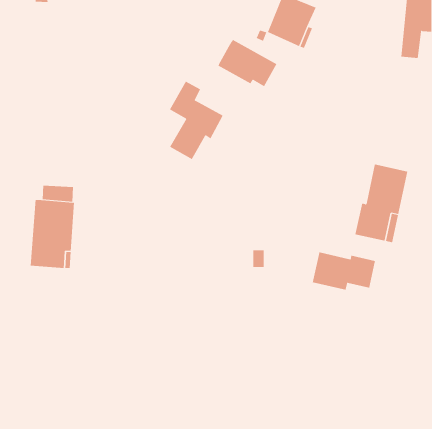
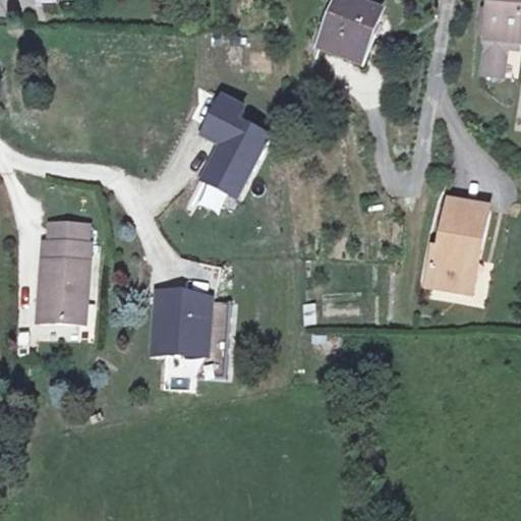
building: [218,39,277,87] -> none
building: none -> [150,287,230,377]
building: [312,252,376,290] -> none

